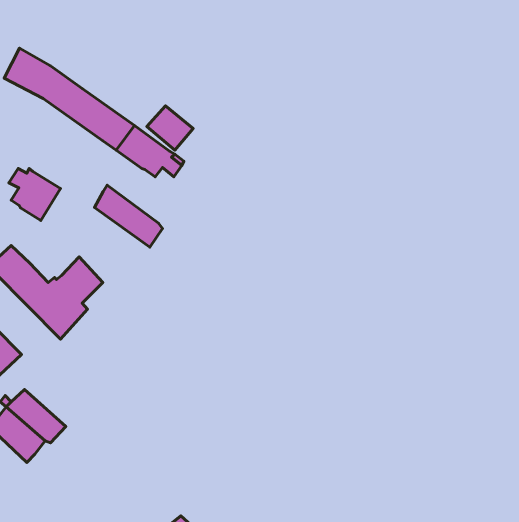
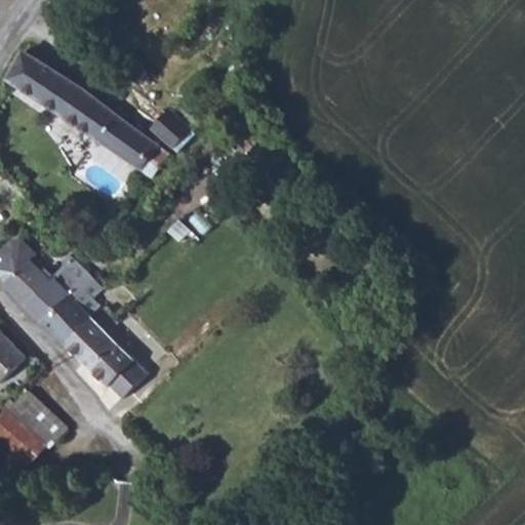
building: [9,168,61,221] -> none
building: [94,185,163,247] -> none
building: none -> [60,312,140,385]

